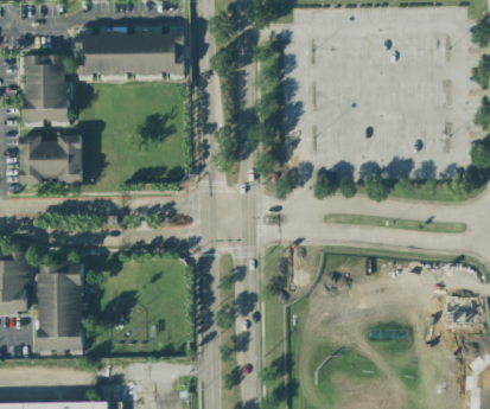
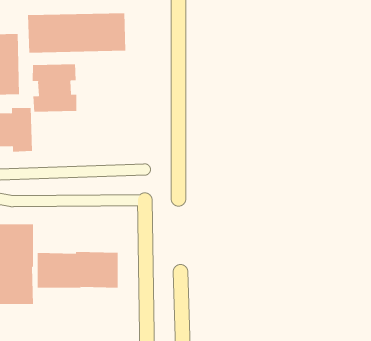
building: none -> [32,64,77,112]
building: none -> [37,251,118,289]

